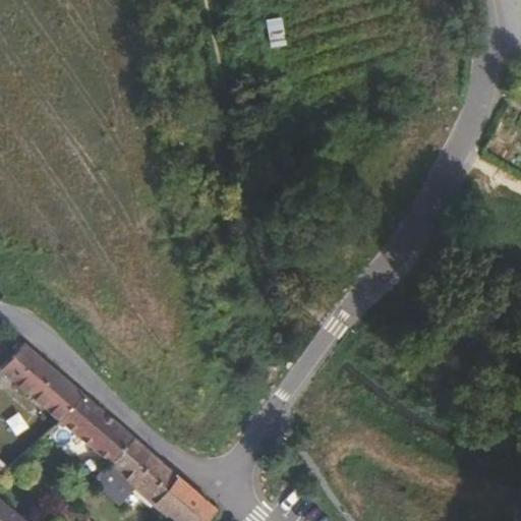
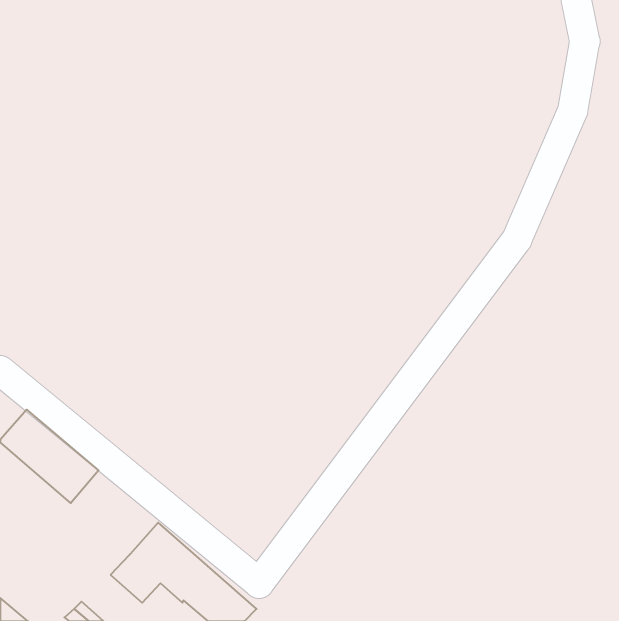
building: [61,394,134,464] -> none

